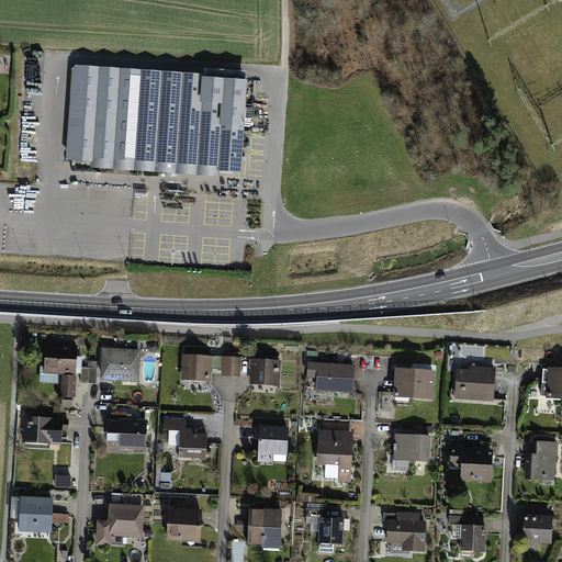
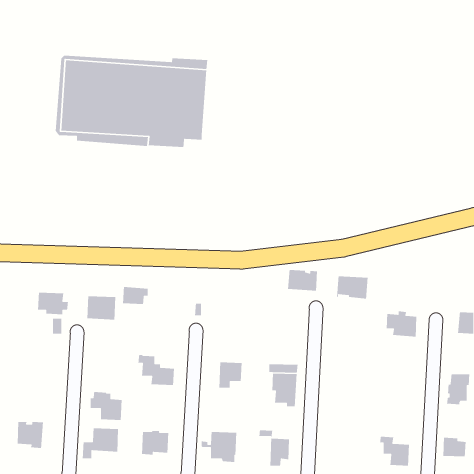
building: [182,355,213,376] -> [122,286,148,305]
building: [248,359,278,384] -> none
building: [316,363,352,390] -> [287,269,318,291]
building: [394,369,432,397] -> [336,275,369,300]
building: [106,412,145,447] -> [90,391,122,421]
building: [24,417,67,441] -> none
building: [393,434,428,460] -> none
building: [450,441,491,477] -> none
building: [382,512,424,552] -> none

